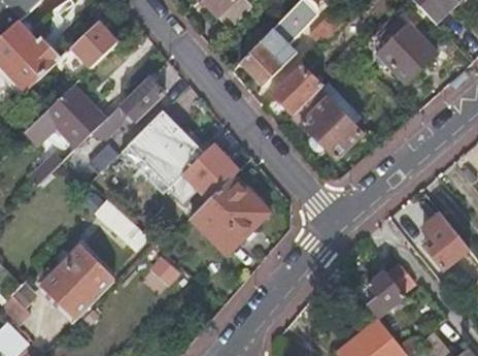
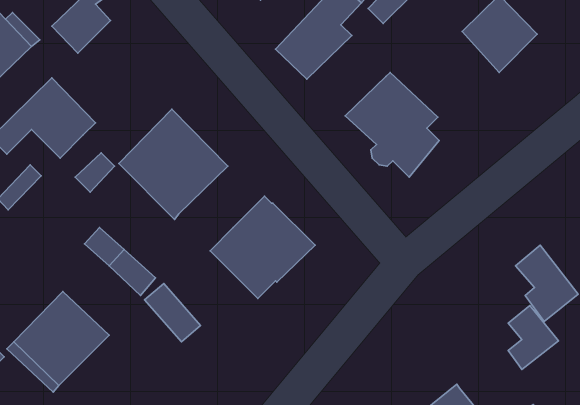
building: [272,63,323,114] -> none
building: [95,76,164,137] -> none
building: [167,143,237,203] -> none
building: [369,271,407,320] -> [508,305,559,369]

